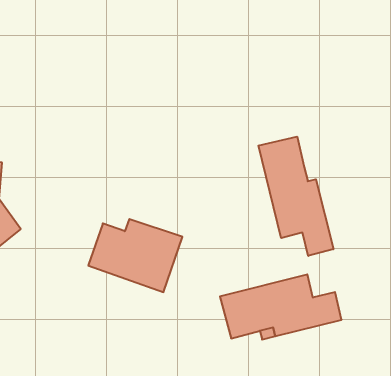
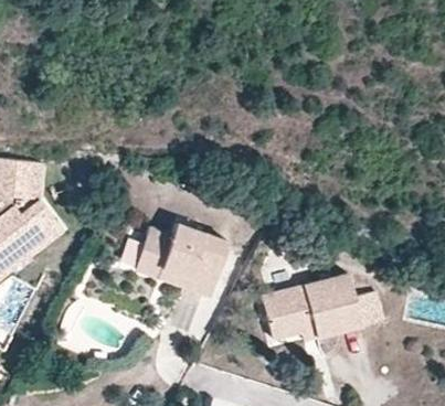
building: [258,137,333,256] -> none

